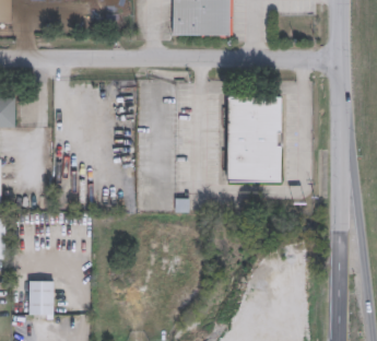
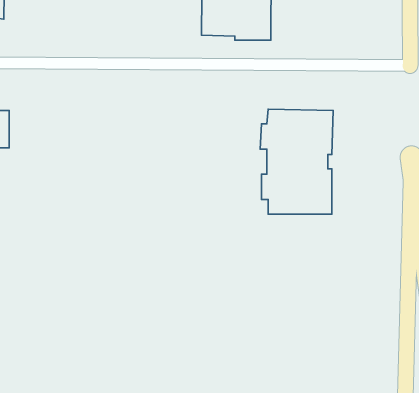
building: [27,281,52,314] -> none

